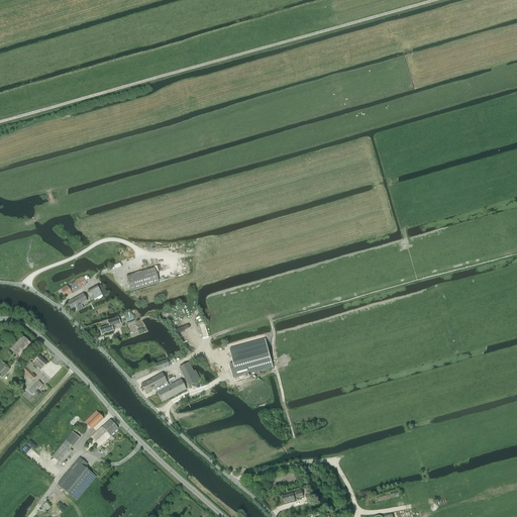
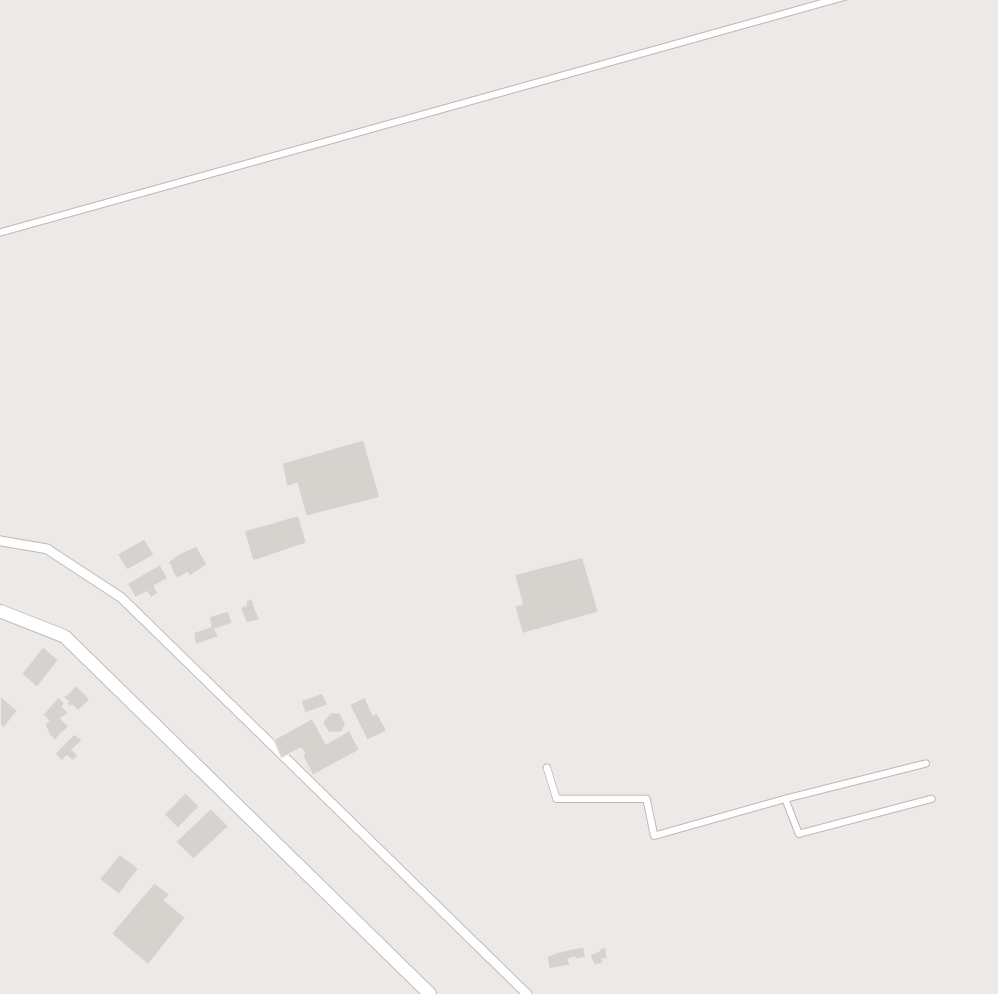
building: none -> [282,440,380,516]
building: [229,337,273,377] -> [514,557,598,633]

